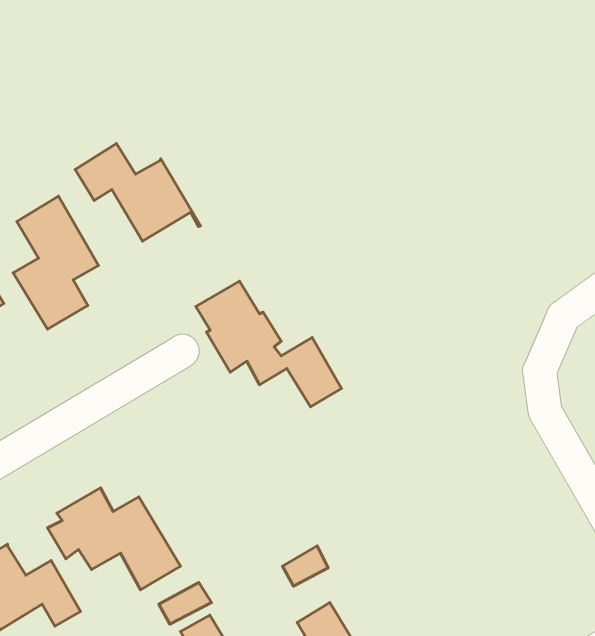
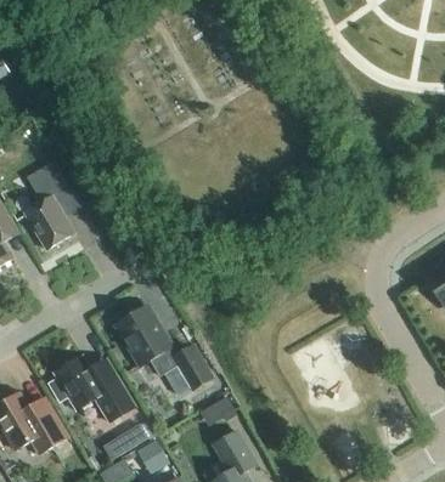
building: [75,143,201,241] -> none
building: [196,281,341,407] -> [116,307,213,391]

